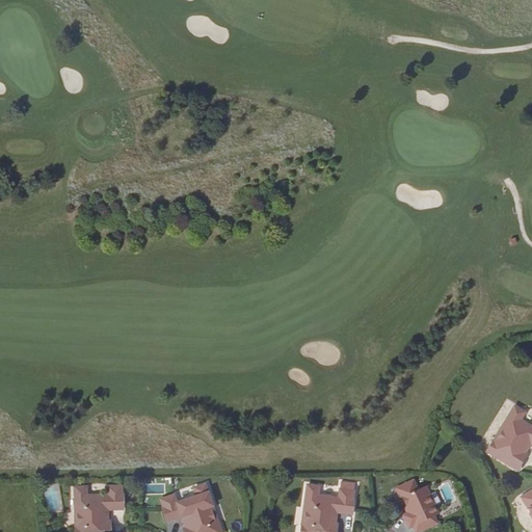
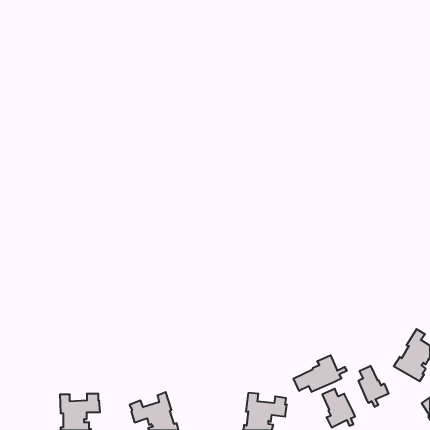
building: none -> [293,355,347,392]
building: none -> [358,366,389,407]

